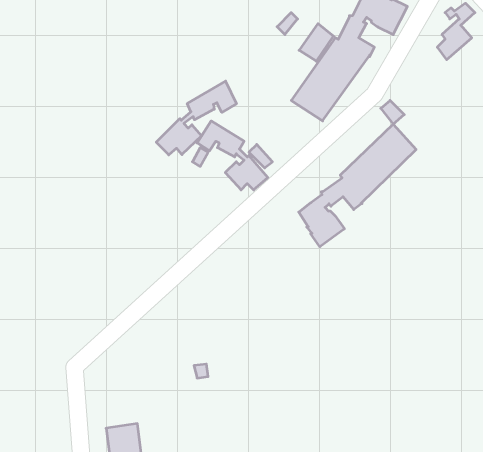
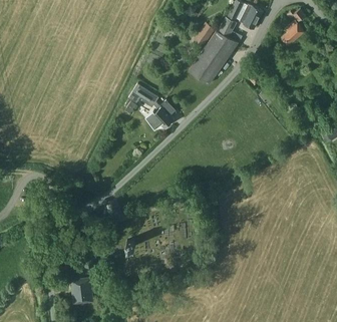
building: [156,81,236,155] -> none
building: [299,124,416,247] -> none

